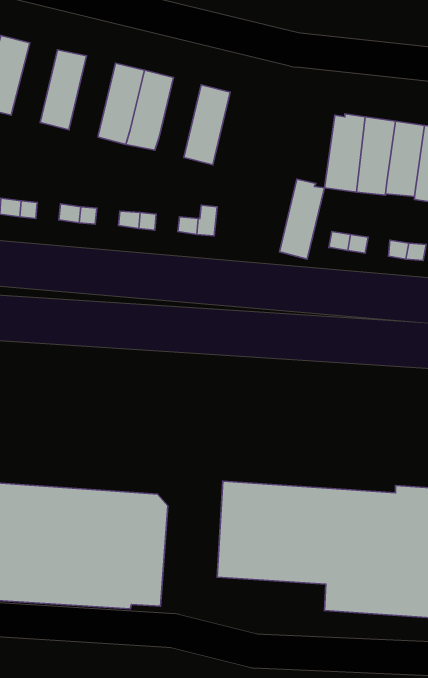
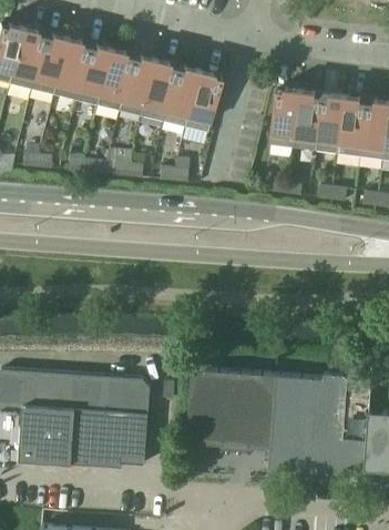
building: none -> [32,34,68,95]
building: none -> [76,44,112,106]
building: none -> [142,61,177,122]
building: [280,179,325,259] -> [186,72,221,133]

